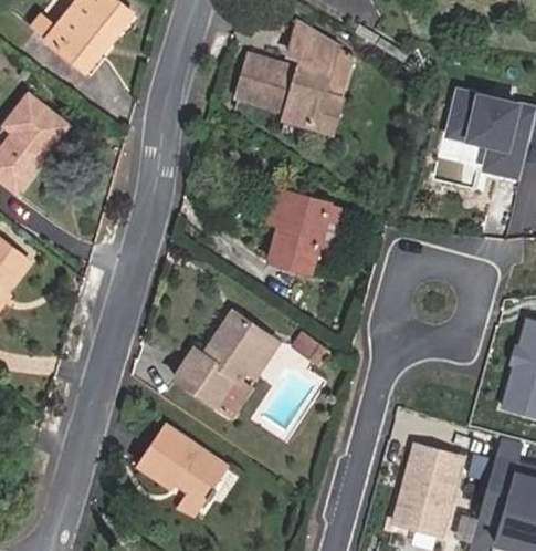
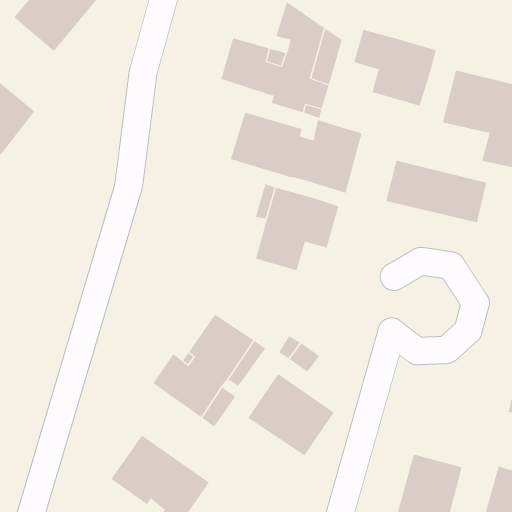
building: none -> [353,29,437,107]
building: none -> [230,112,362,194]
building: none -> [386,160,487,223]
building: none -> [247,373,335,456]

